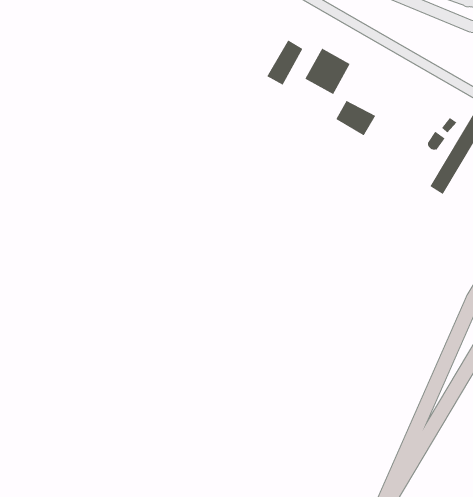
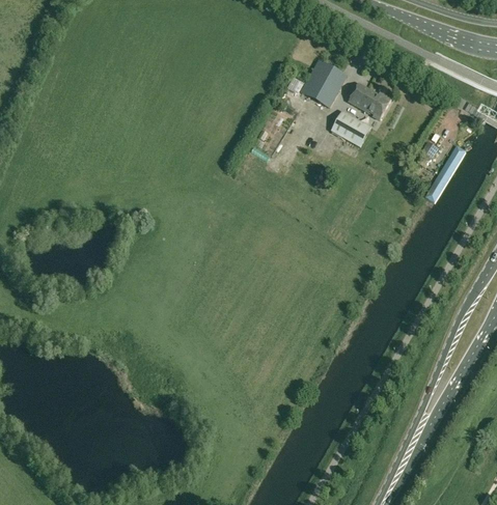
building: [266,39,303,86] -> none
building: none -> [349,82,390,118]

